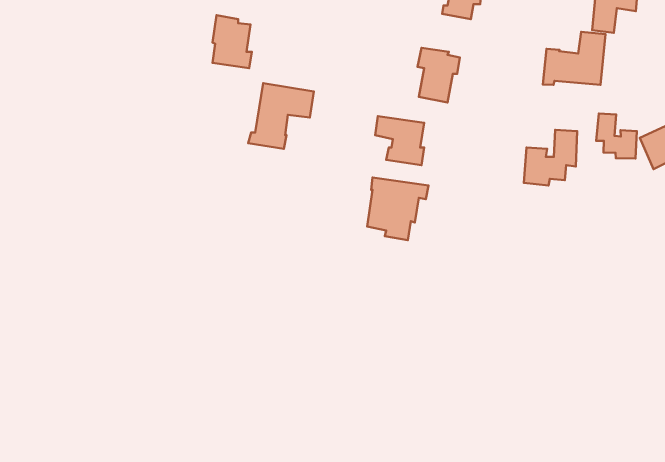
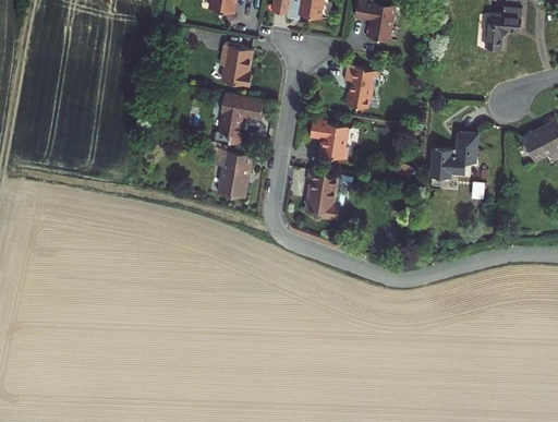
building: [212,15,252,68] -> [222,44,254,86]
building: [543,32,605,85] -> none
building: [596,114,637,159] -> none
building: none -> [215,150,254,200]

